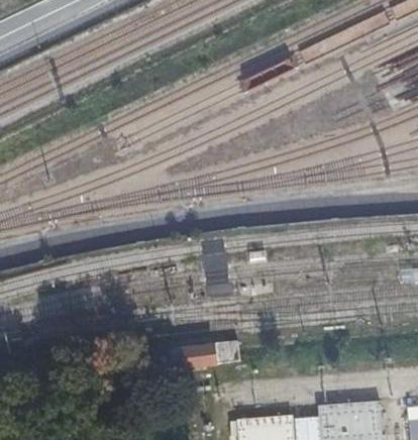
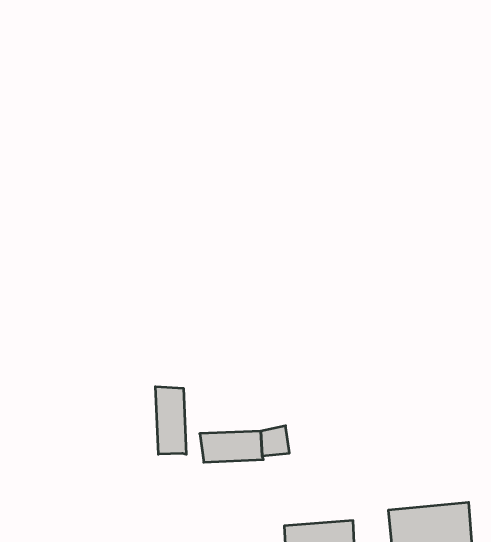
building: none -> [155,387,186,454]

